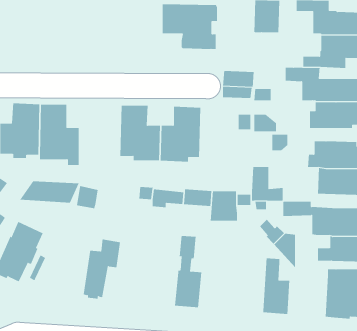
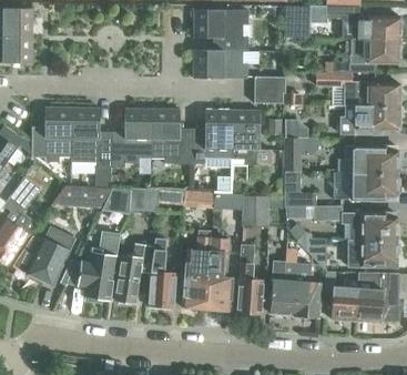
building: none -> [192,51,247,80]
building: none -> [111,109,152,170]
building: none -> [231,112,260,168]
building: none -> [283,138,302,171]
building: none -> [128,188,157,211]
building: none -> [78,231,119,301]
building: none -> [181,235,212,310]
building: none -> [236,243,263,315]
building: none -> [147,244,175,307]
building: none -> [269,259,296,315]
building: none -> [324,271,357,321]

